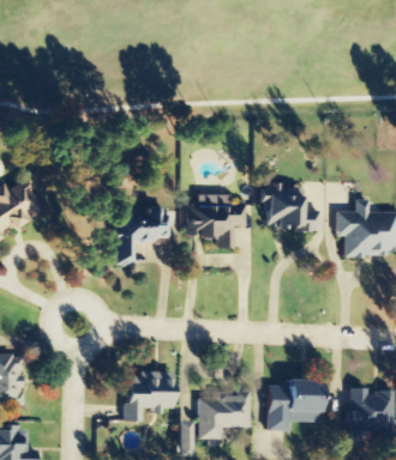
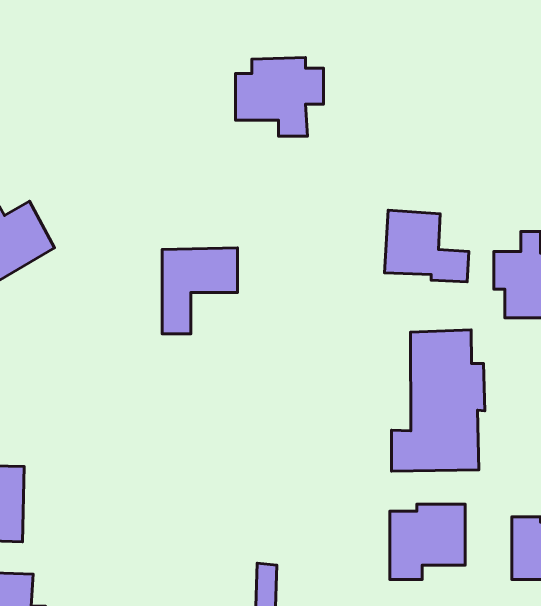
building: [187,194,246,247] -> [236,57,323,136]
building: none -> [391,330,485,471]
building: [125,370,174,420] -> none
building: [198,393,251,438] -> none

